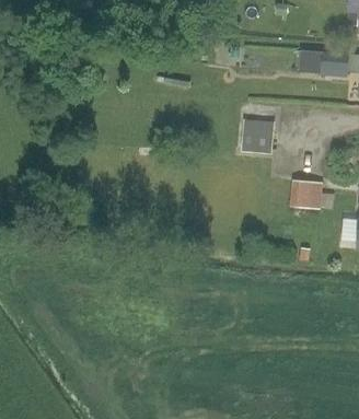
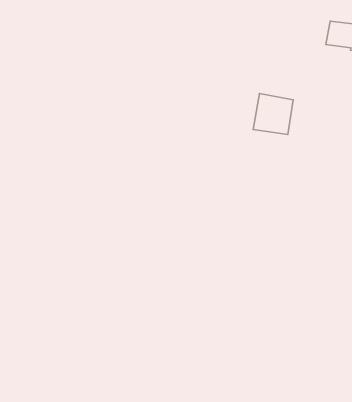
building: [290,181,323,209] -> none

